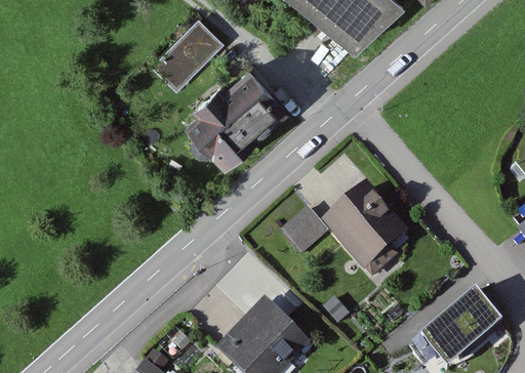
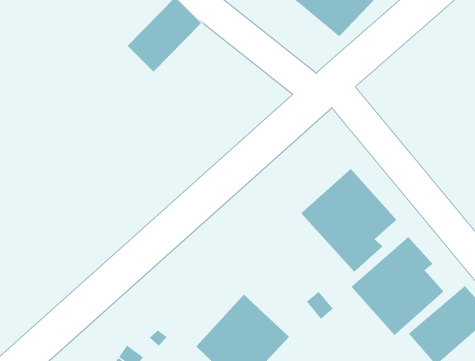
building: [185,65,288,164] -> none
building: [280,207,326,253] -> none
building: none -> [351,236,444,336]

